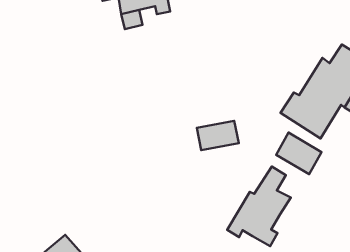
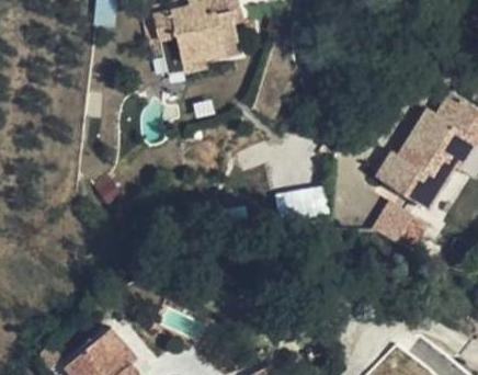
building: [227,166,291,246] -> none

